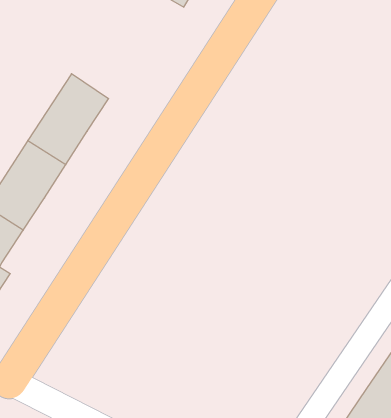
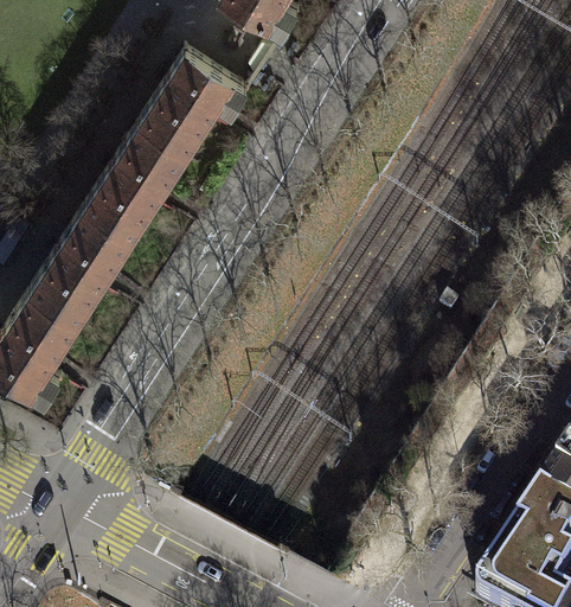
building: none -> [140,55,248,158]

